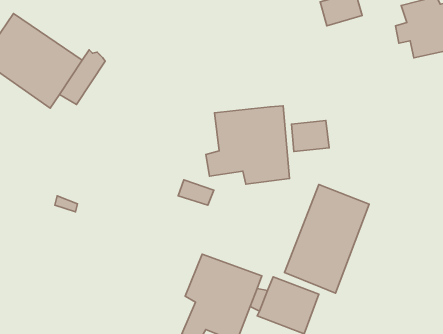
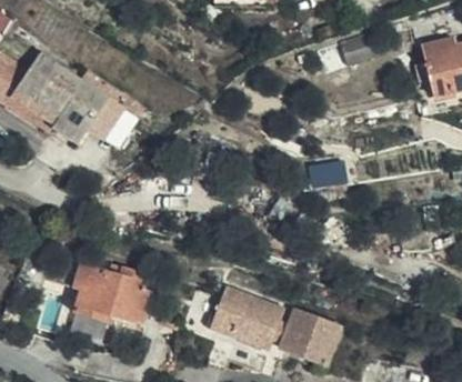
building: [206,106,290,184] -> none
building: [285,185,369,293] -> none
building: none -> [71,261,149,323]

